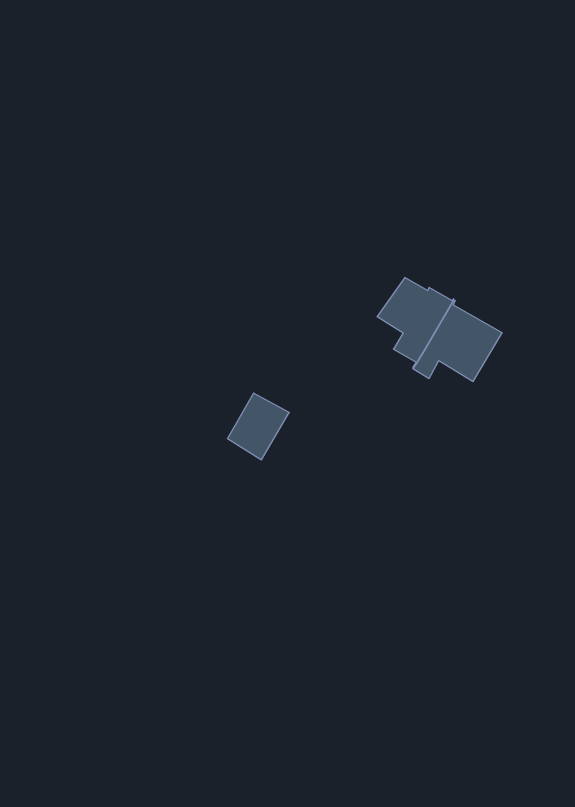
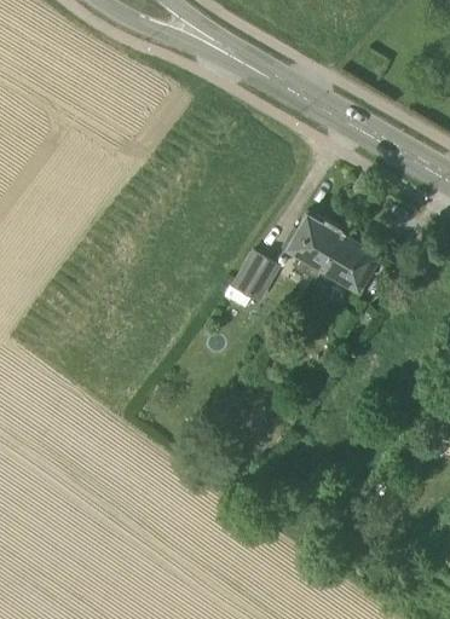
building: [227,393,289,460] -> [236,253,282,302]

